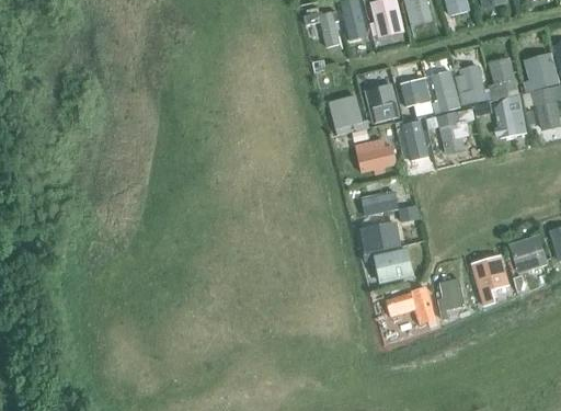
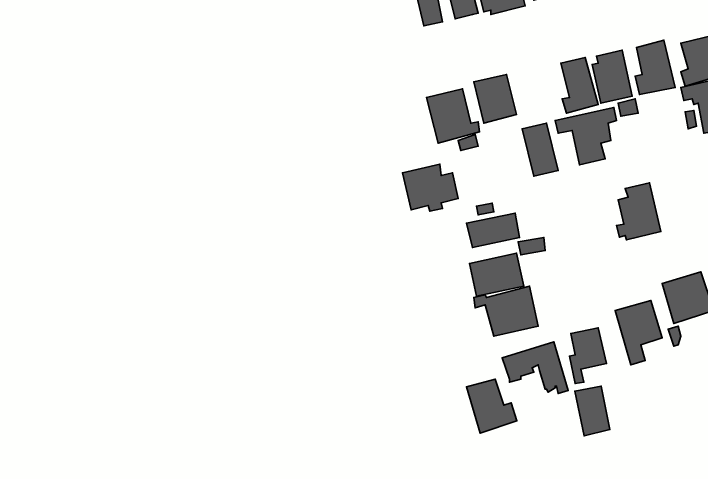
building: [400,77,432,116] -> none
building: [493,94,527,138] -> [617,183,661,240]
building: [354,138,397,174] -> [403,164,458,211]
building: none -> [467,379,517,433]
building: none -> [575,386,610,436]

